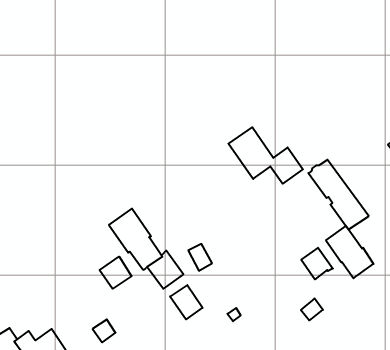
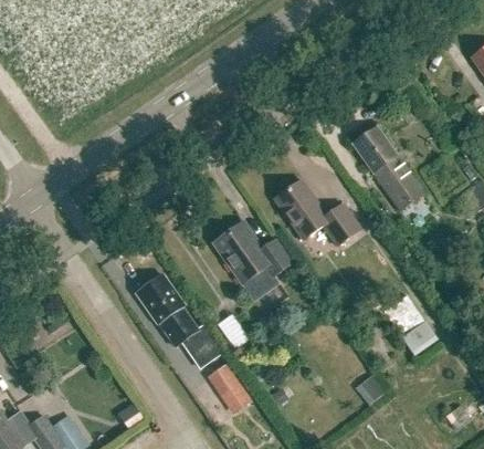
building: [308,160,369,229] -> [354,128,423,209]
building: none -> [212,221,293,301]
building: [301,248,333,279] -> none
building: [100,257,132,289] -> none

